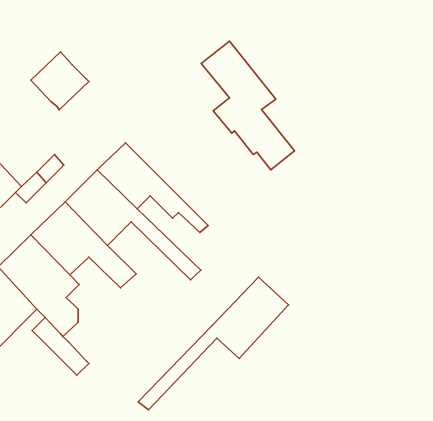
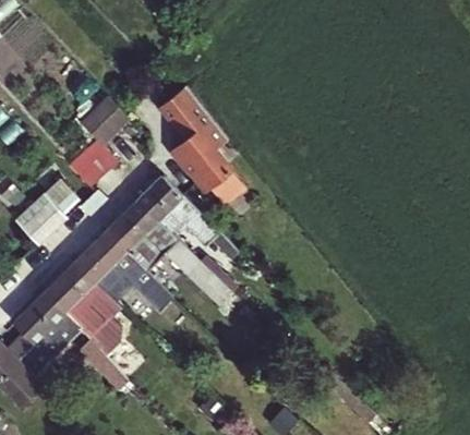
building: [201,41,295,170] -> [156,85,242,204]
building: none -> [65,138,117,189]
building: [138,277,289,410] -> none

